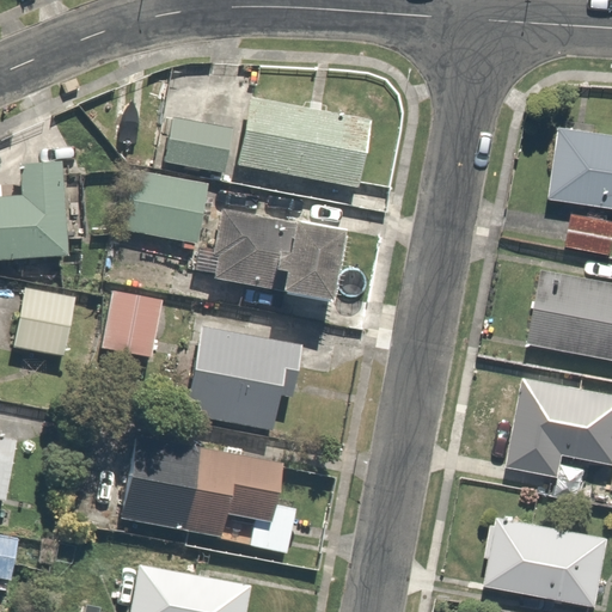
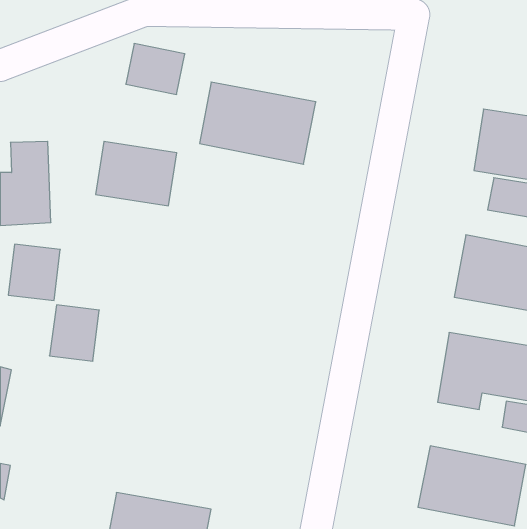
building: [169,115,237,173] -> [126,44,185,94]
building: [208,214,342,305] -> none
building: [103,287,160,351] -> [49,305,99,361]
building: [183,323,300,433] -> none
building: [121,441,279,538] -> none

